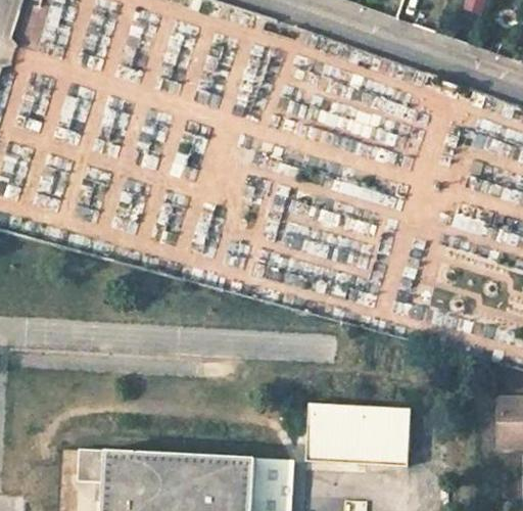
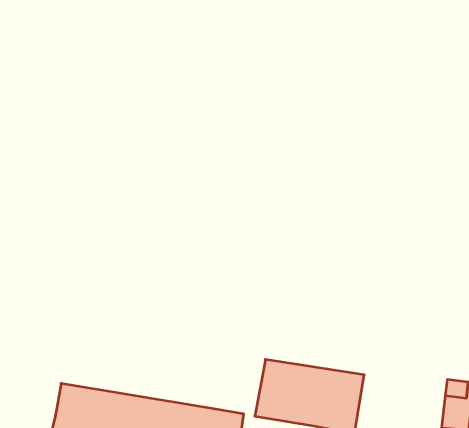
building: [77,450,106,484] -> none

